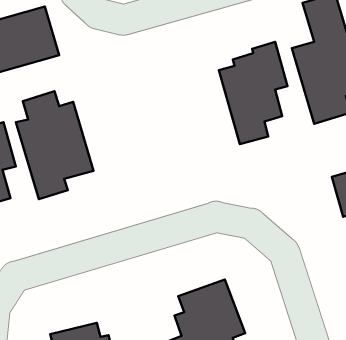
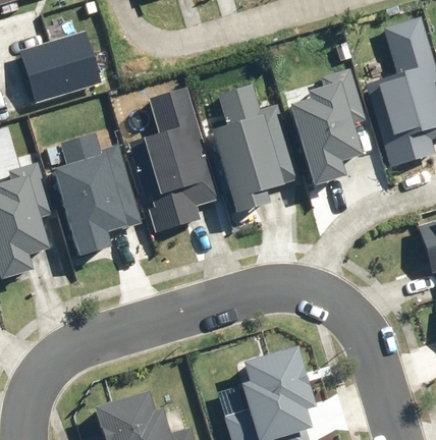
building: none -> [210,84,297,214]
building: none -> [131,86,219,231]

